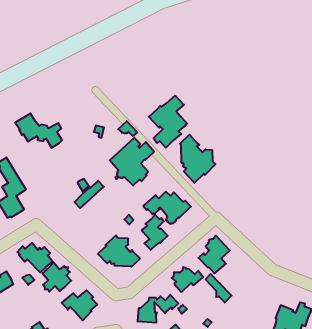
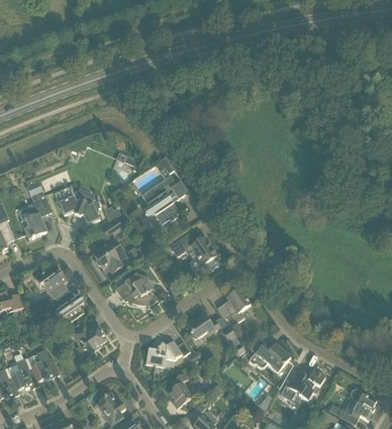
building: [149,96,187,148] -> none
building: [15,113,62,148] -> [54,186,100,224]
building: [180,135,215,183] -> none
building: none -> [93,240,125,272]
building: [142,215,168,250] -> none
building: none -> [249,340,291,371]

